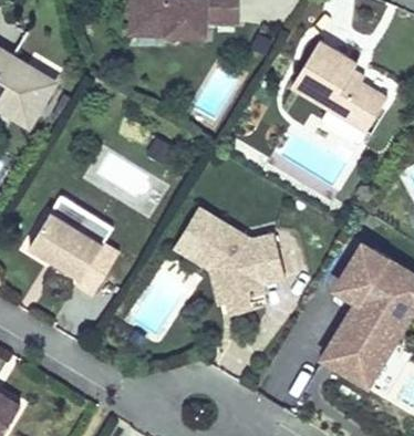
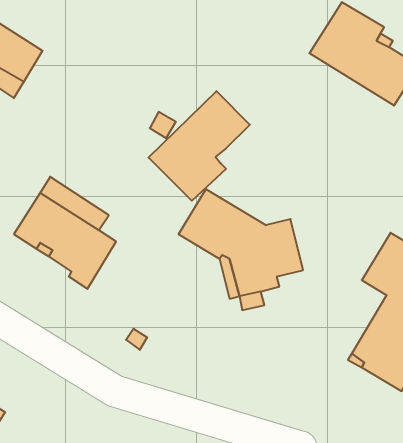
building: none -> [148,91,250,201]

